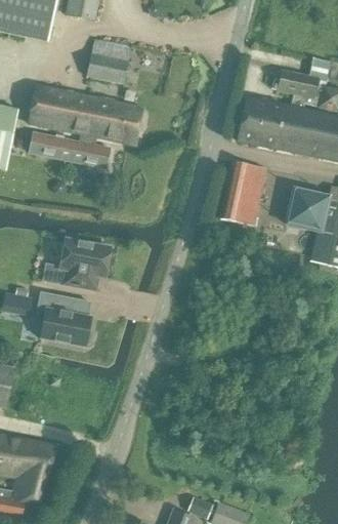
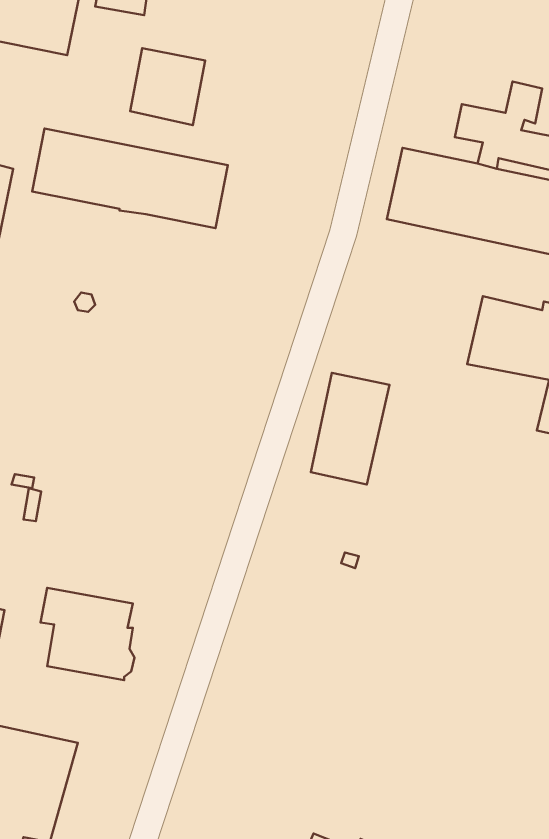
building: [29,130,109,167] -> none
building: [219,159,265,225] -> [311,373,390,484]
building: [60,238,111,290] -> none
building: [37,292,92,347] -> [40,588,135,680]

